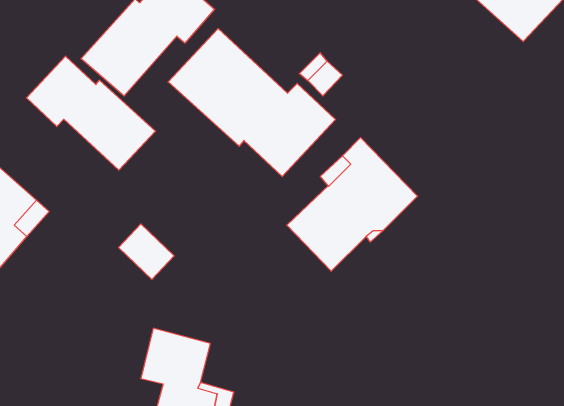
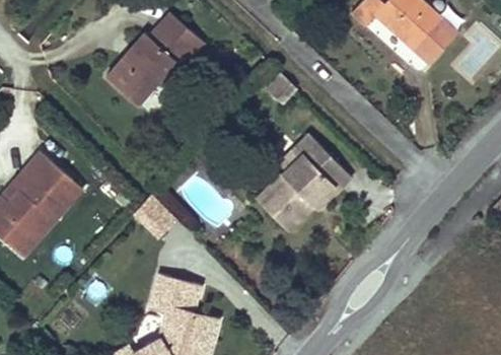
building: [168,29,336,177] -> none
building: [26,56,156,170] -> none

